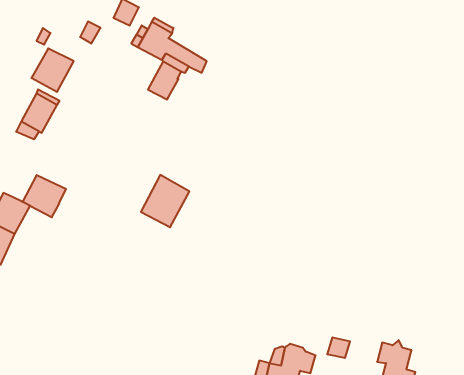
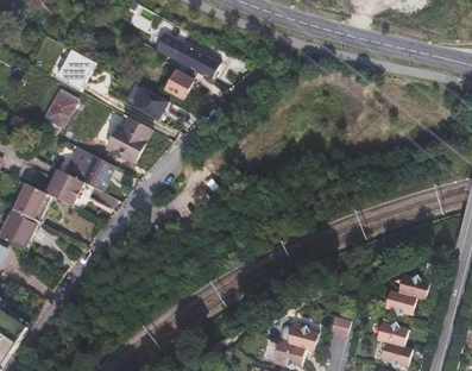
building: none -> [133,88,169,121]
building: none -> [67,146,117,189]
building: [141,175,189,227] -> [107,114,152,163]
building: none -> [384,275,429,317]

